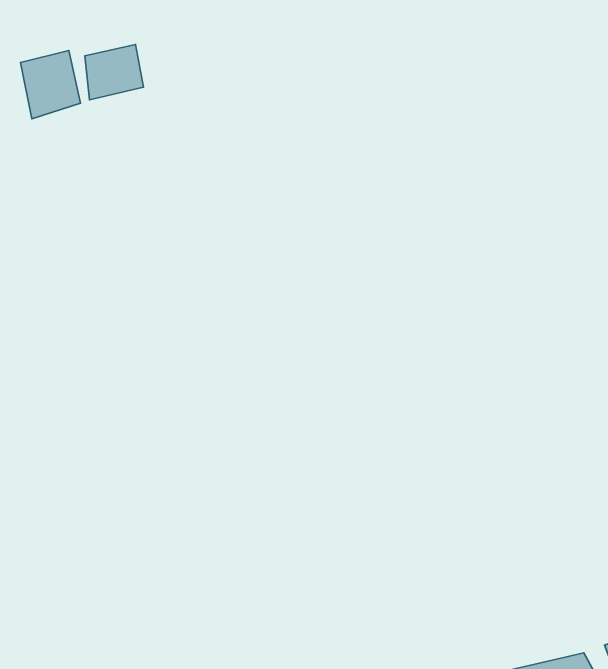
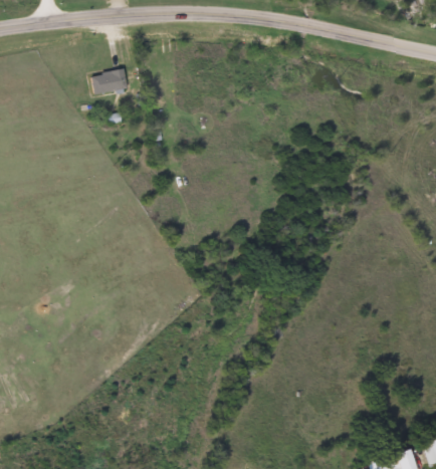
building: [21,51,80,119] -> none

